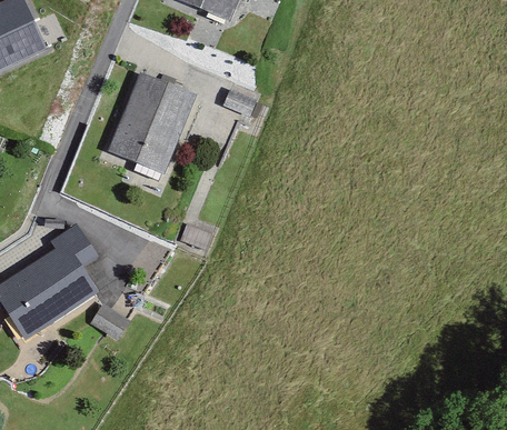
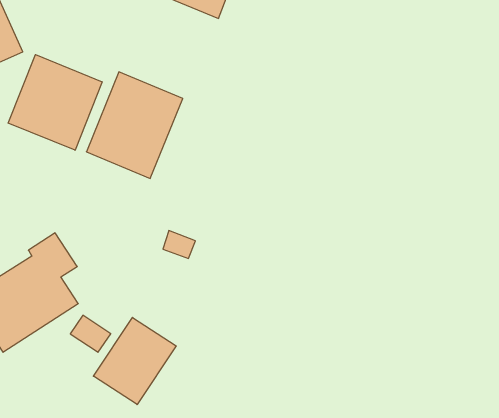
building: none -> [8,55,102,150]
building: none -> [93,317,176,405]

